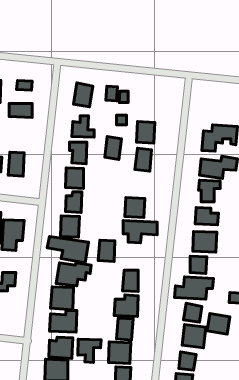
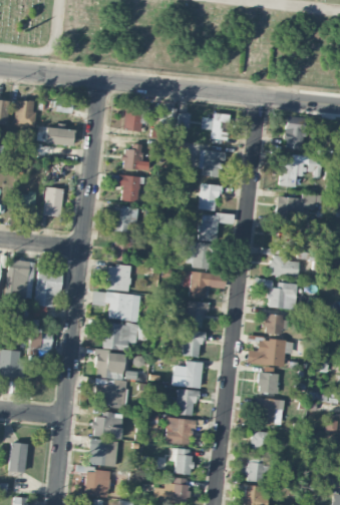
building: none -> [201,112,230,140]
building: none -> [285,123,303,149]
building: [105,136,121,159] -> [199,213,219,241]
building: [98,240,115,261] -> [186,301,206,327]
building: [207,314,230,334] -> none
building: [78,339,101,362] -> none

